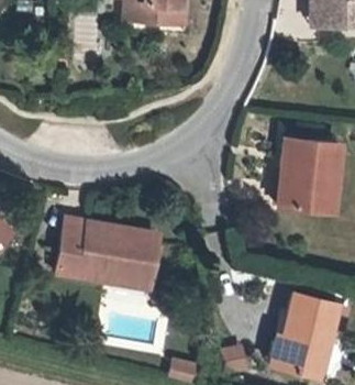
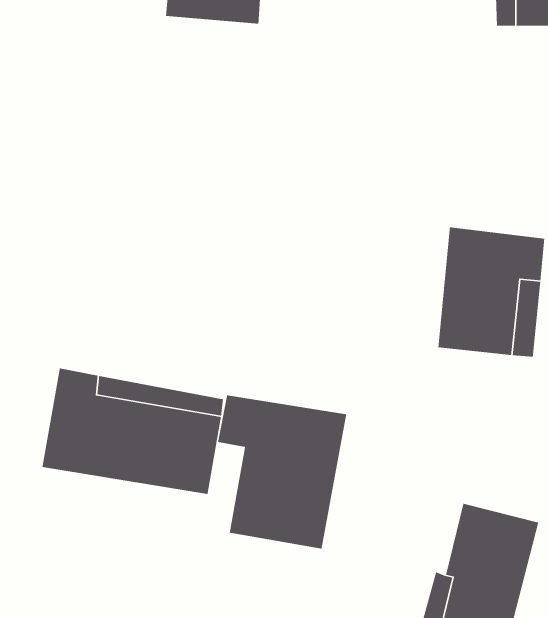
building: none -> [217,394,347,550]

